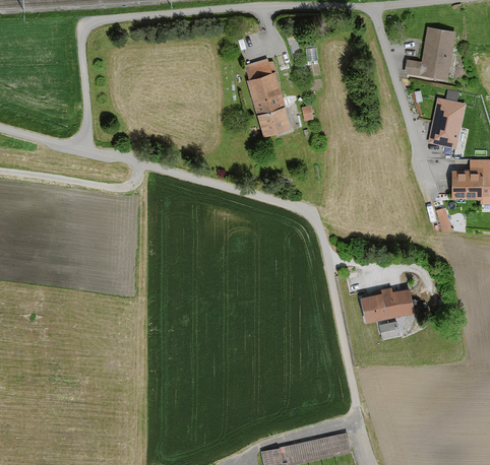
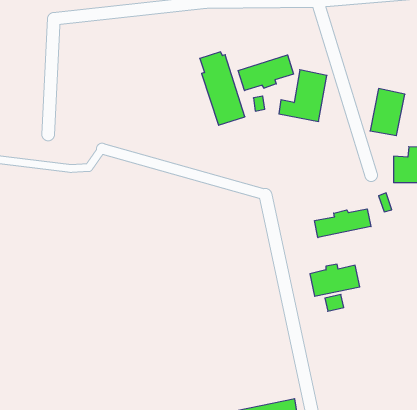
building: [405,26,456,82] -> [279,70,327,121]
building: none -> [238,55,293,91]
building: none -> [315,209,371,238]

